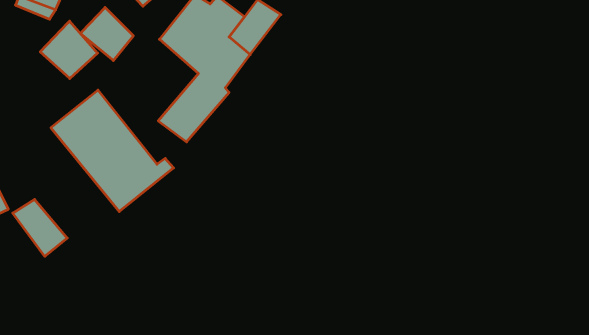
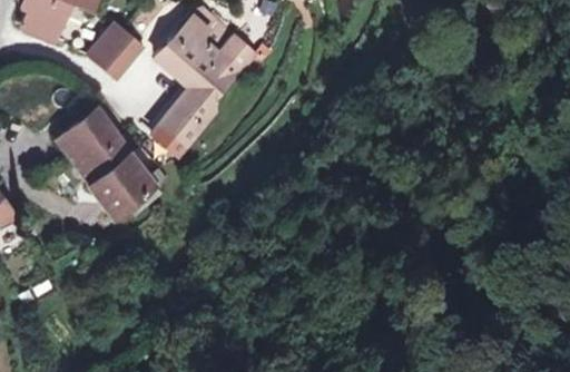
building: [40,21,98,79] -> none
building: [13,199,67,256] -> none

